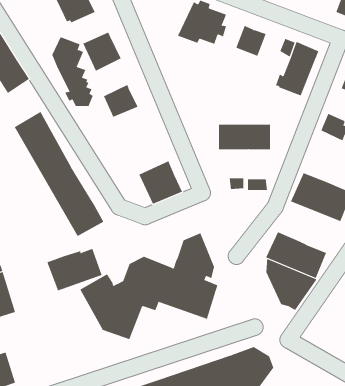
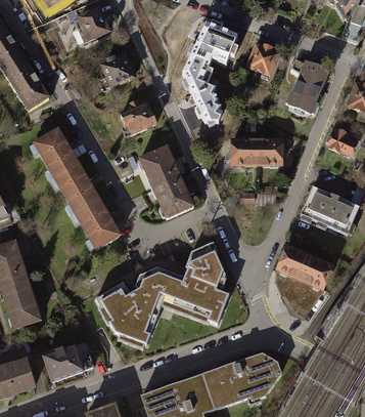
building: [52,37,94,106] -> [182,55,222,122]
building: none -> [139,143,182,187]
building: [47,248,103,291] -> [39,339,92,380]

